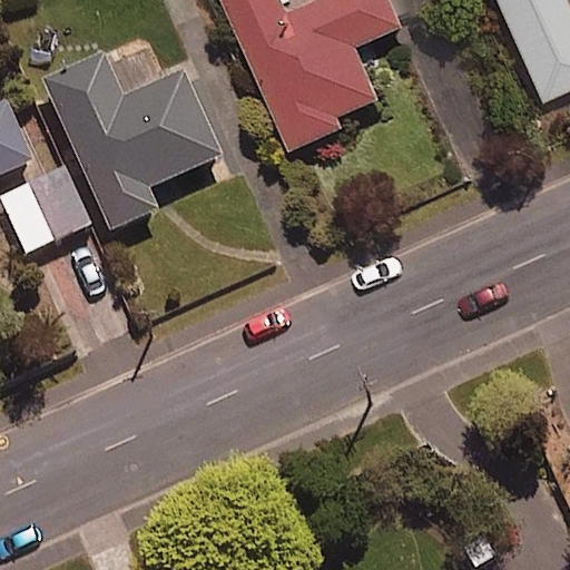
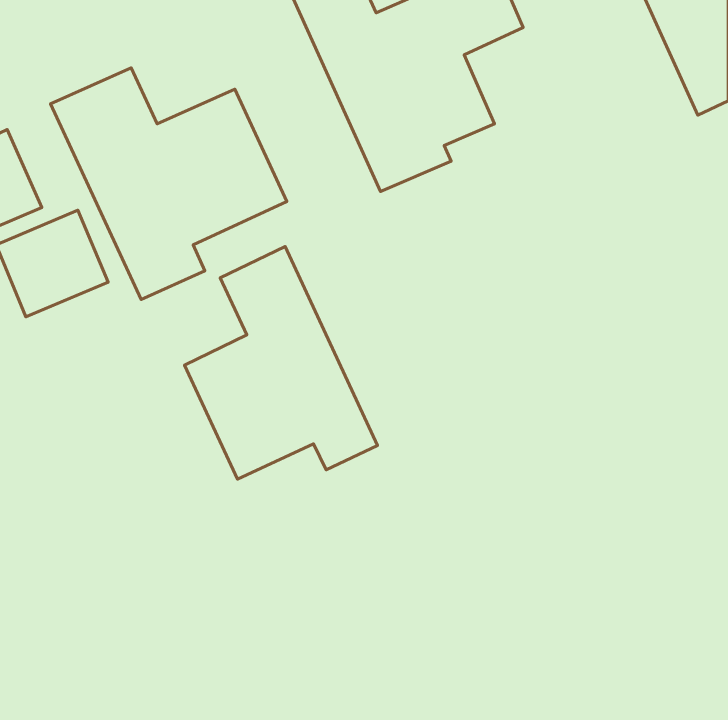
building: none -> [184,247,377,479]

